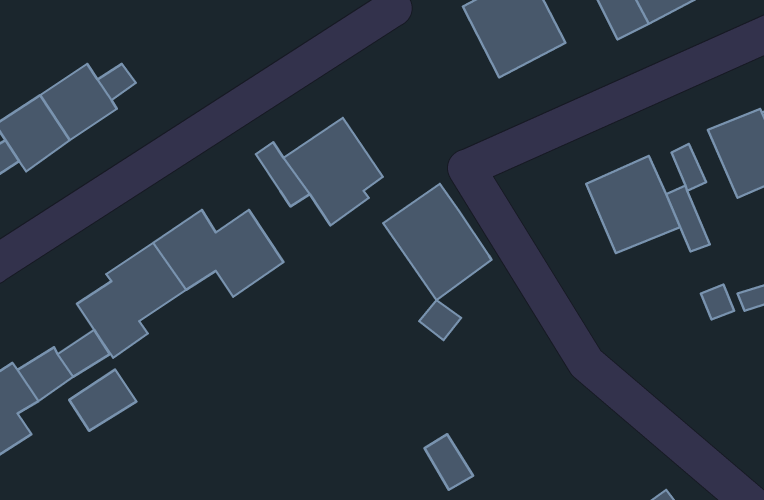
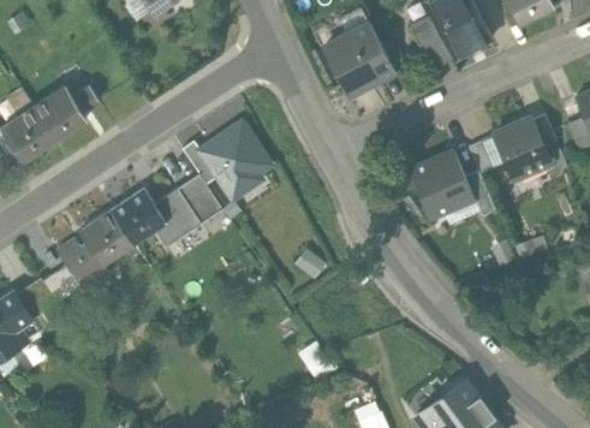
building: [383,184,491,300] -> none
building: none -> [177,173,222,222]
building: [69,369,137,431] -> none

